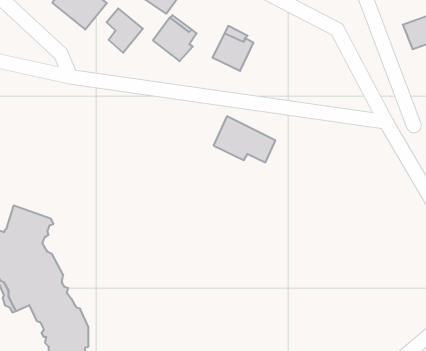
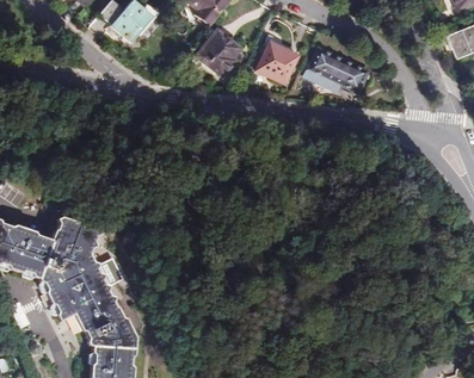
building: [106,8,143,53] -> none
building: [214,116,275,162] -> [302,47,363,92]

